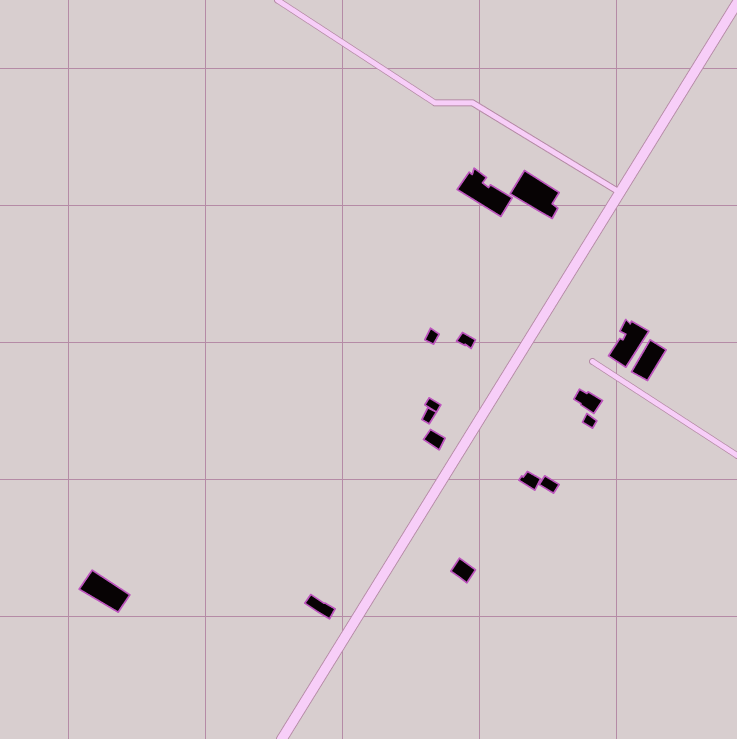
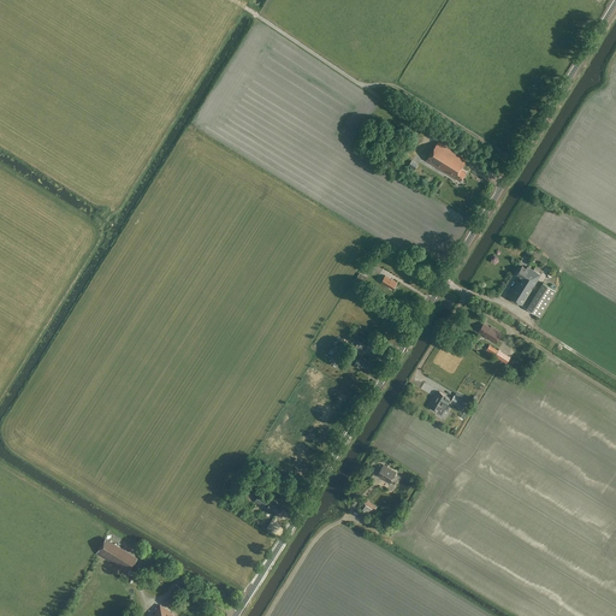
building: [457,168,512,217] -> none
building: [79,570,130,612] -> [95,538,137,573]

